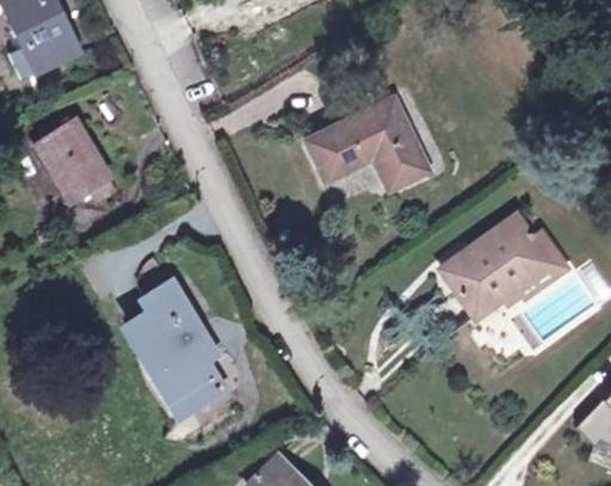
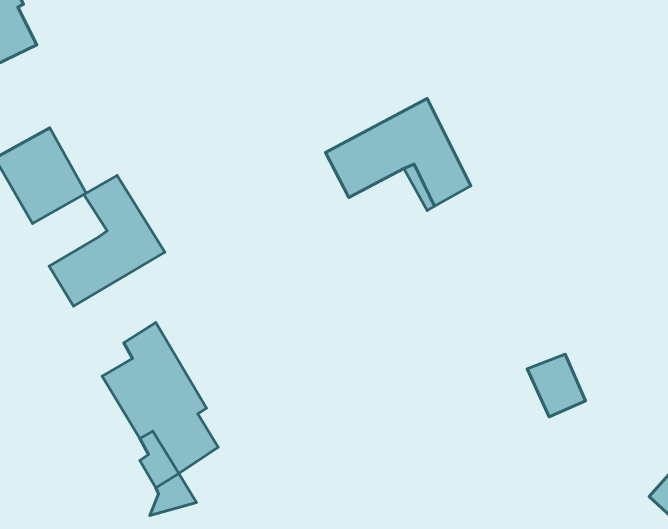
building: none -> [49,176,165,306]
building: [443,214,550,313] -> none

